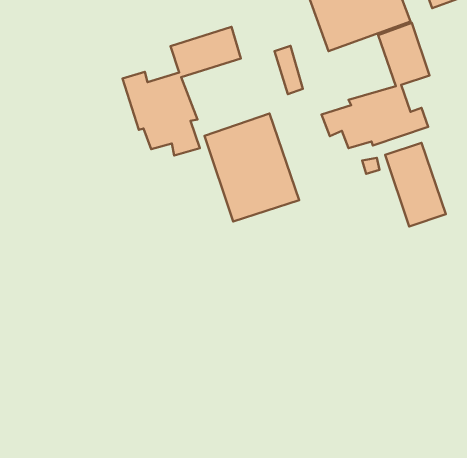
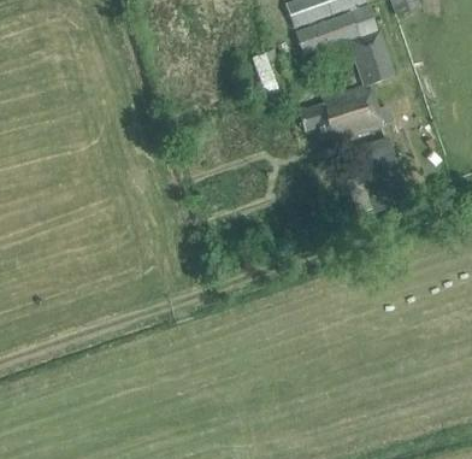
building: [123,27,241,155] -> none
building: [205,114,299,222] -> none

